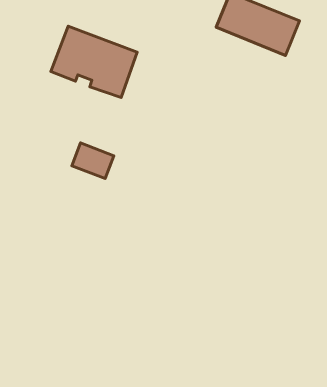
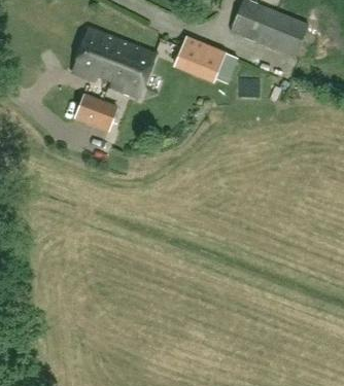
building: none -> [174,36,237,83]
building: [72,143,114,179] -> [75,96,115,130]

